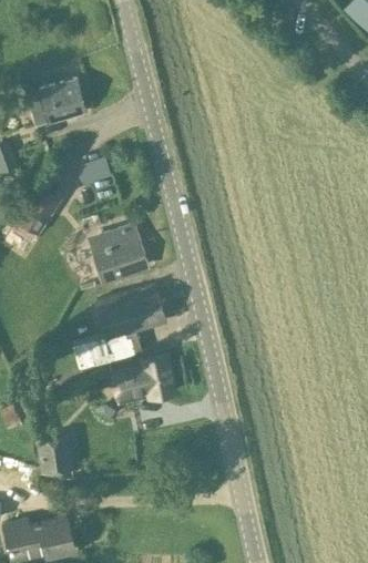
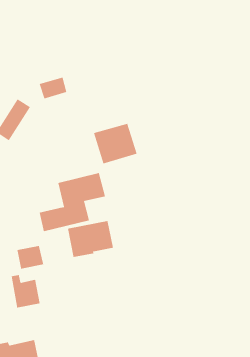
building: [27,79,88,125] -> none
building: [89,224,150,280] -> [93,123,138,164]
building: none -> [17,245,44,269]

